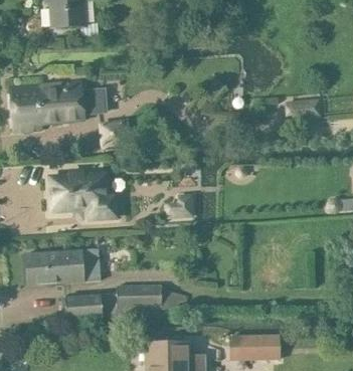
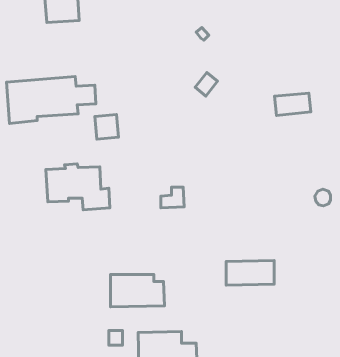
building: [26,247,102,283] -> none
building: [66,293,104,320] -> none
building: [231,335,281,360] -> [226,261,274,285]

